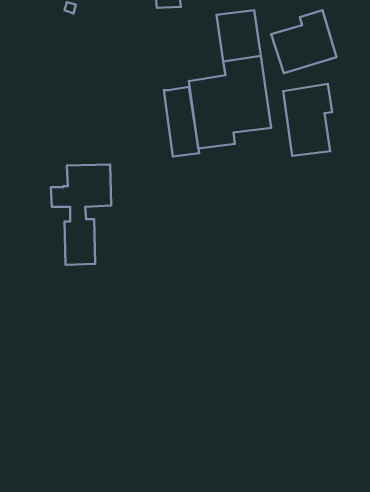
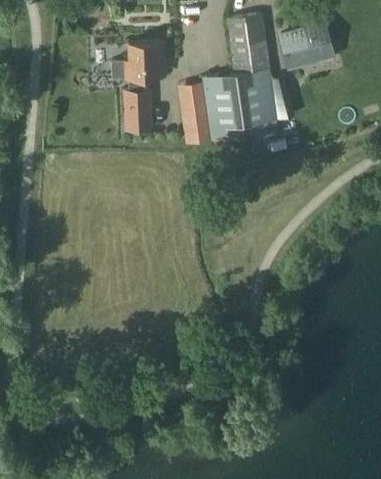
building: [283,84,332,156] -> none
building: [51,164,111,265] -> [111,40,165,131]

